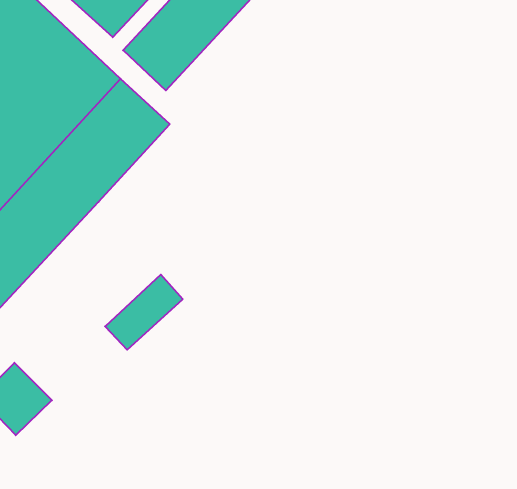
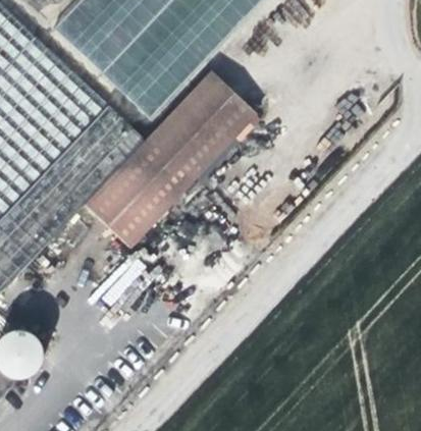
building: none -> [85,67,257,247]

